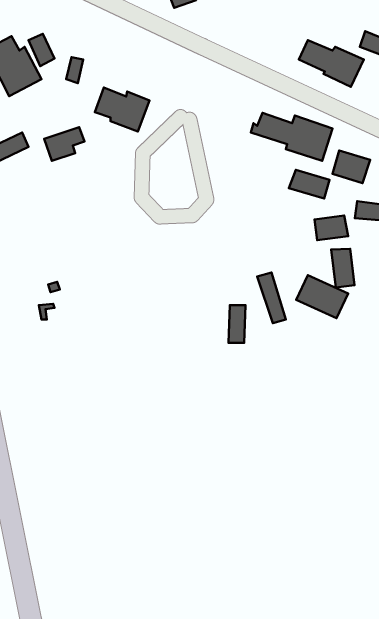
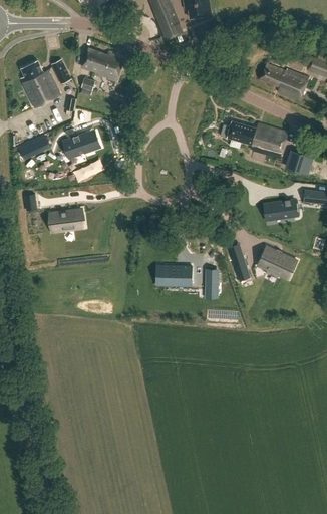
building: [95,87,149,132] -> [82,46,124,80]
building: [289,170,330,199] -> none
building: none -> [50,209,84,231]
building: [331,249,355,288] -> none
building: none -> [161,264,192,283]

